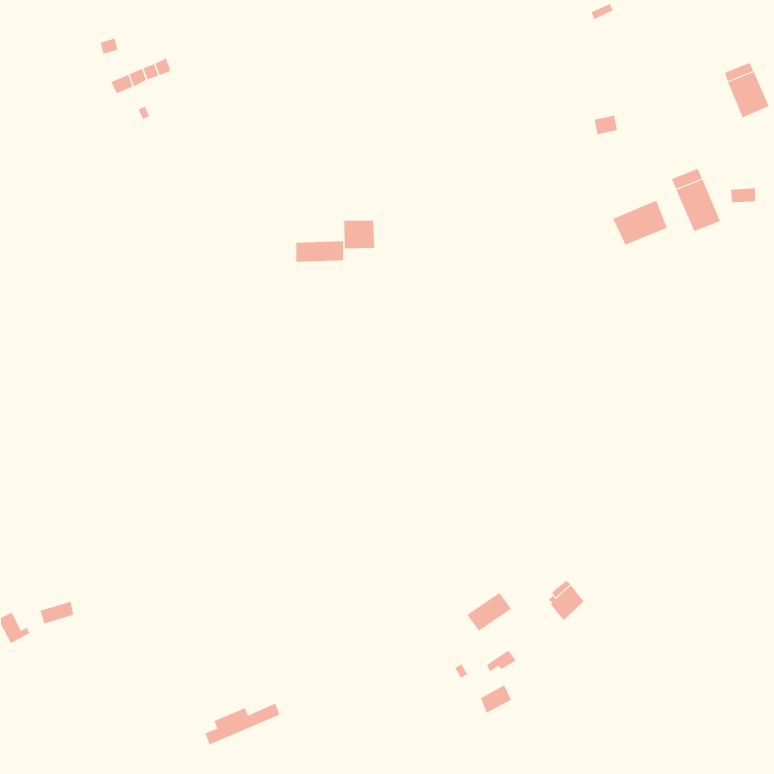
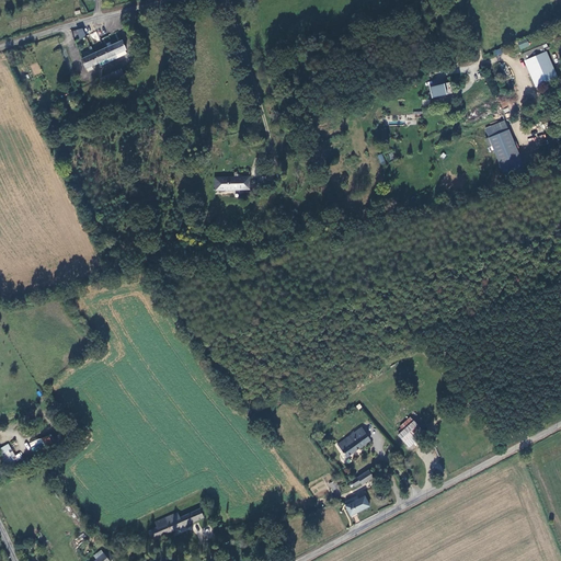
building: [613,200,668,246] -> none
building: [344,220,375,249] -> none

